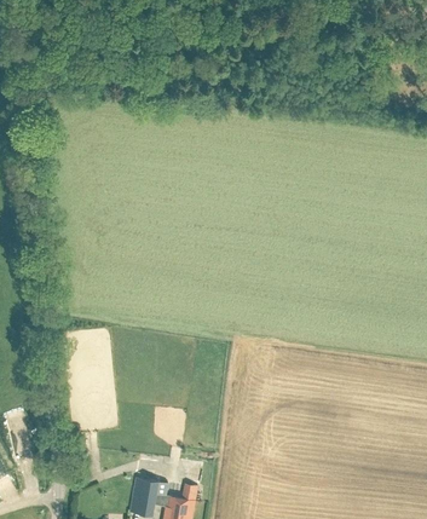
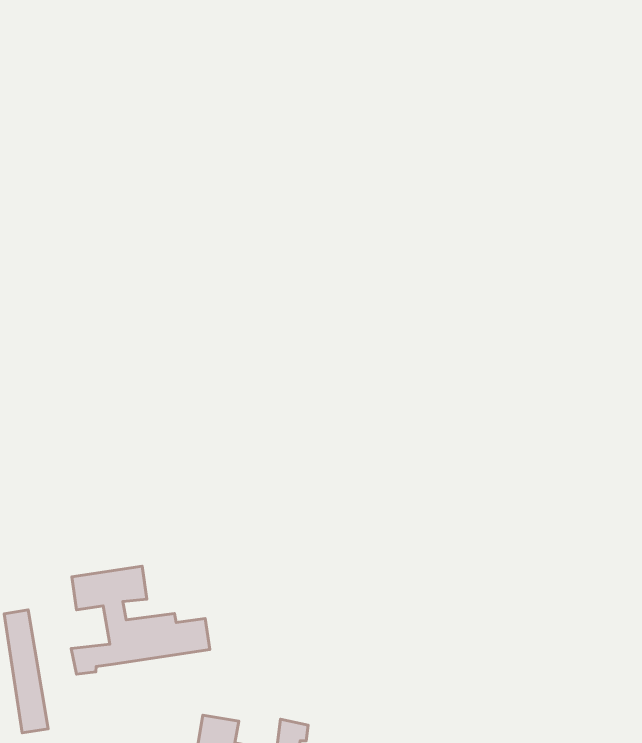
building: none -> [71,566,210,674]

